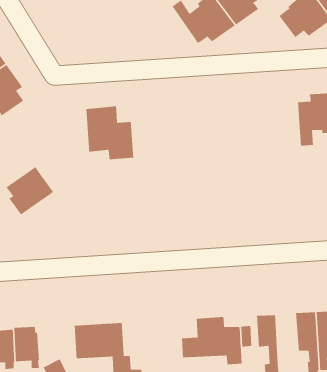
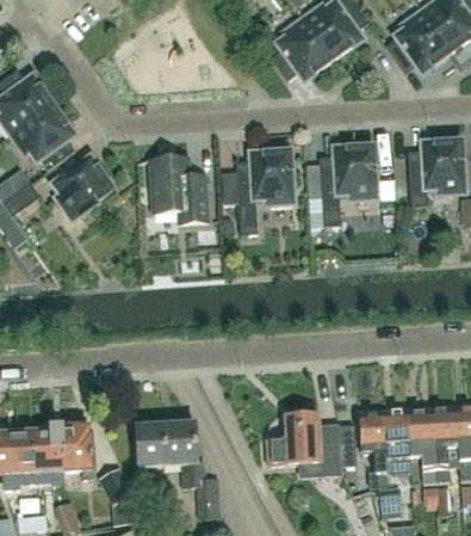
building: none -> [320,144,377,224]
building: none -> [237,149,293,233]
building: [5,166,54,216] -> [54,155,113,216]
building: none -> [383,408,411,472]

